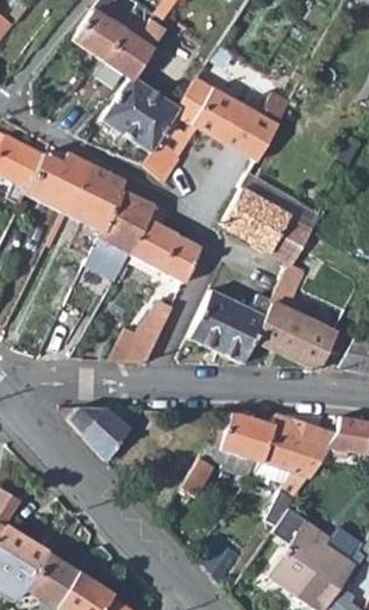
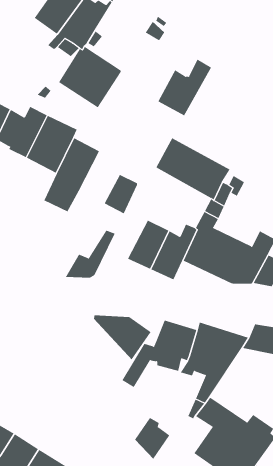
building: [143,79,245,182] -> none
building: [129,198,177,269] -> none
building: [58,405,130,461] -> [93,315,151,360]

